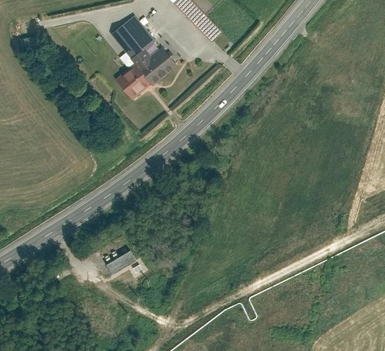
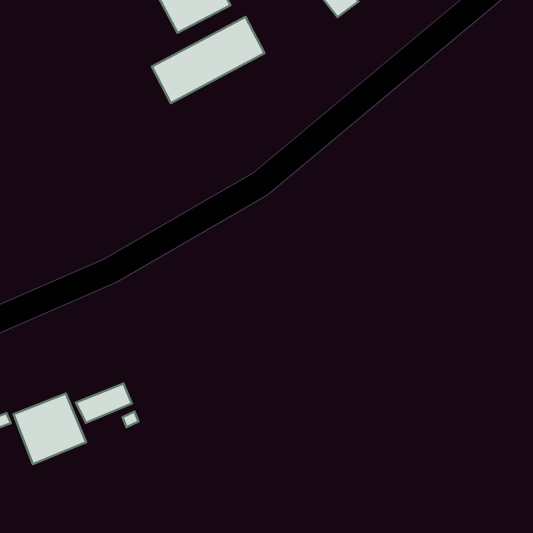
building: none -> [14,393,86,464]

